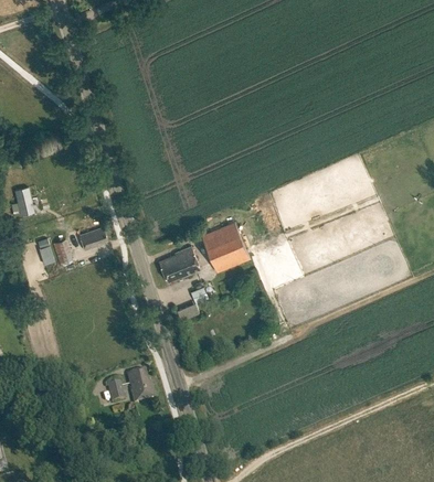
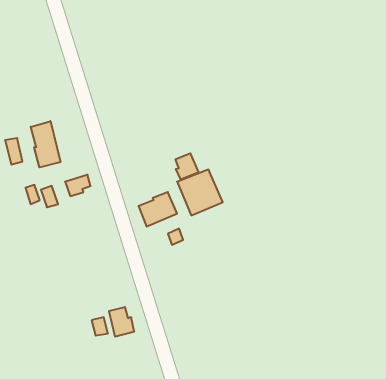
building: none -> [31,121,61,167]
building: none -> [176,153,198,180]

